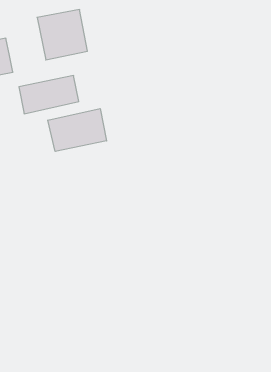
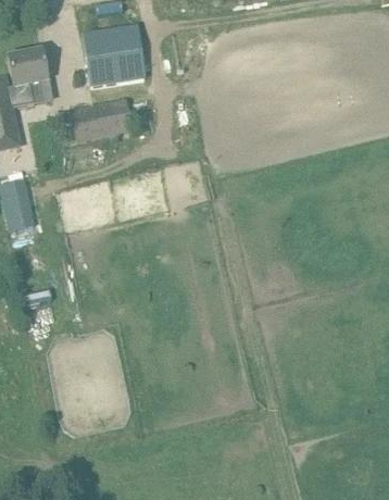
building: [48,109,107,151] -> none

